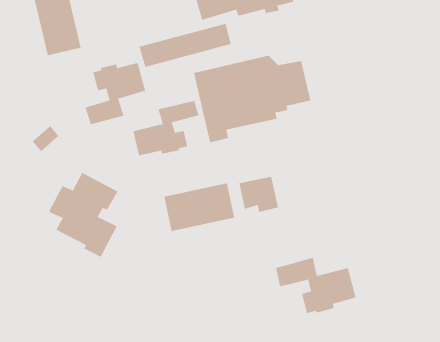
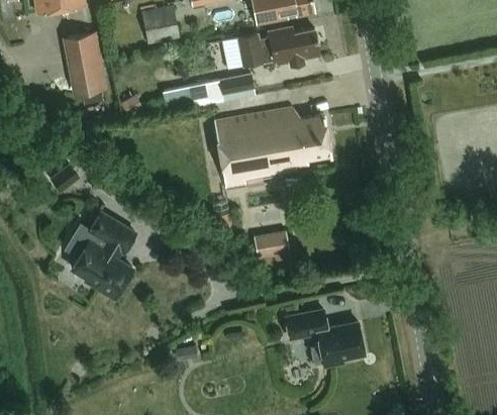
building: [85,62,146,125] -> none
building: [133,100,199,156] -> none
building: [164,183,235,232] -> none

